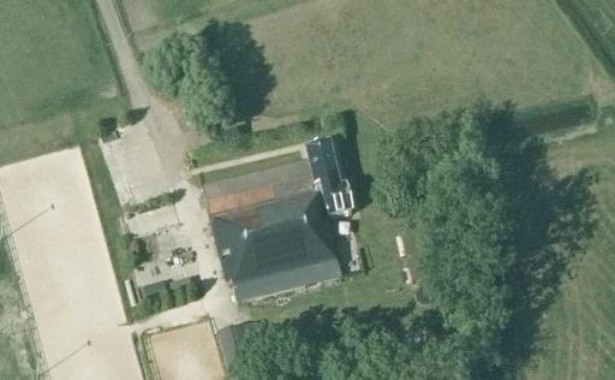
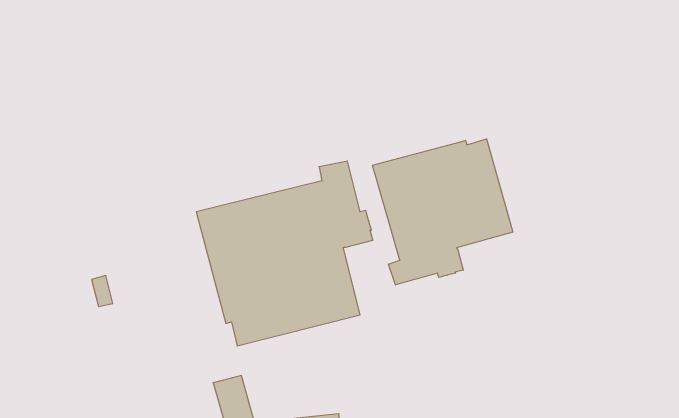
building: none -> [373,139,513,285]

